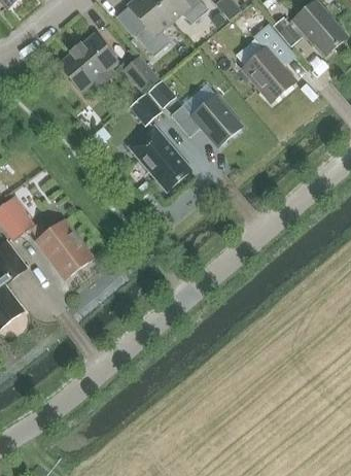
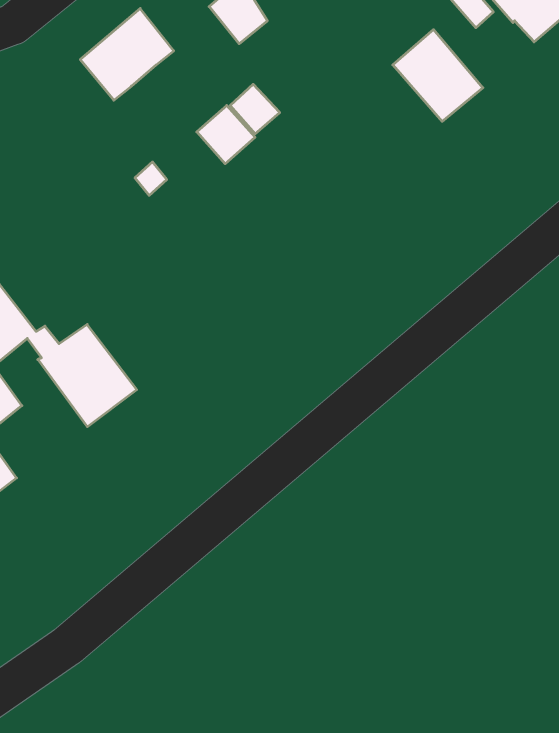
building: [122,55,157,91] -> none
building: [170,94,242,146] -> none
building: [128,124,190,190] -> none

